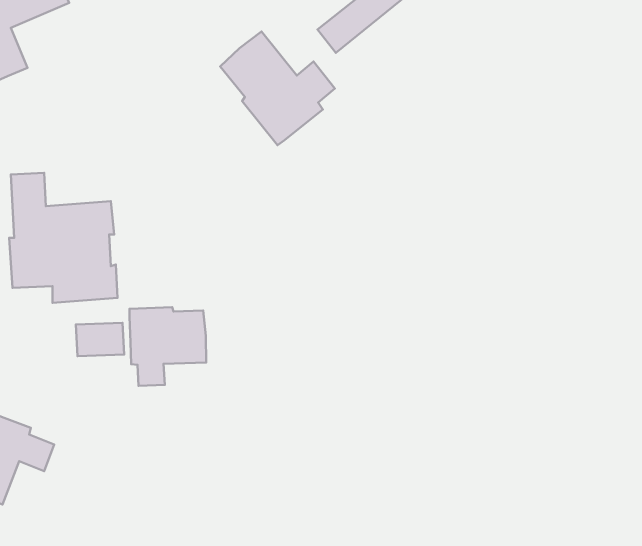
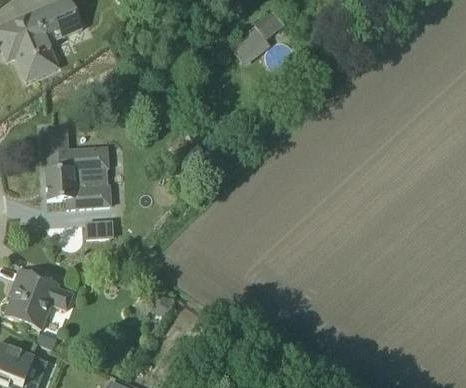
building: [220,31,335,145] -> none
building: [129,307,206,386] -> none

